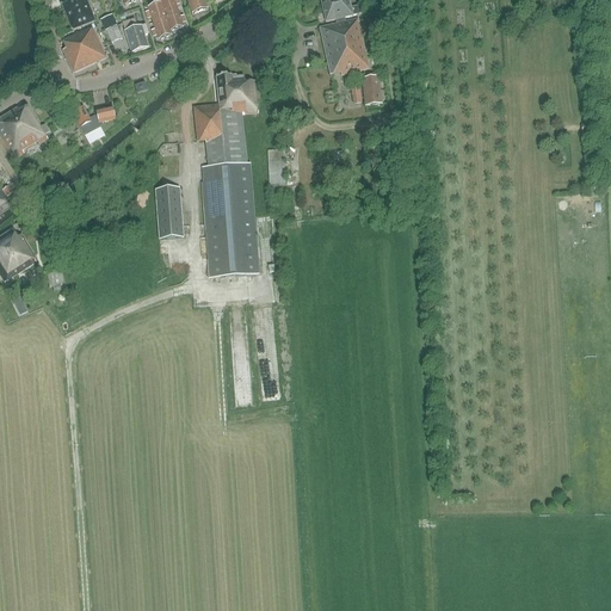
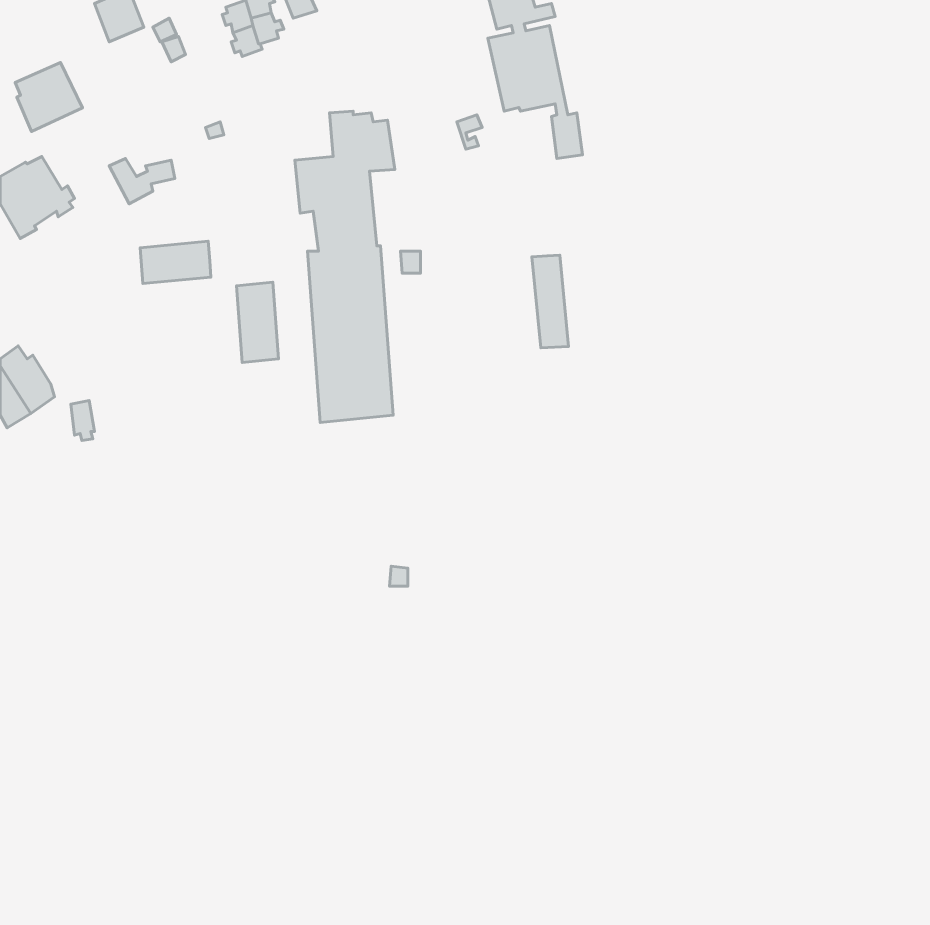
building: [123,17,148,50] -> none
building: [62,25,106,70] -> [15,62,82,132]
building: none -> [140,241,211,284]
building: none -> [532,255,569,348]

